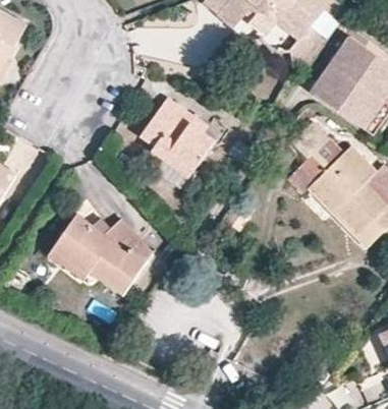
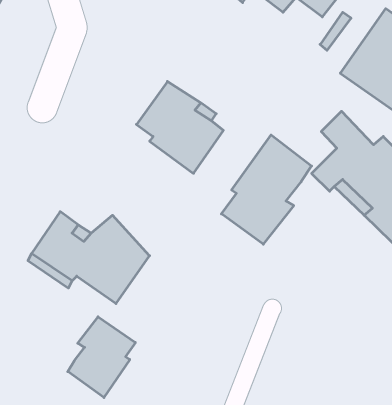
building: none -> [221,135,312,244]
building: none -> [68,317,135,398]

